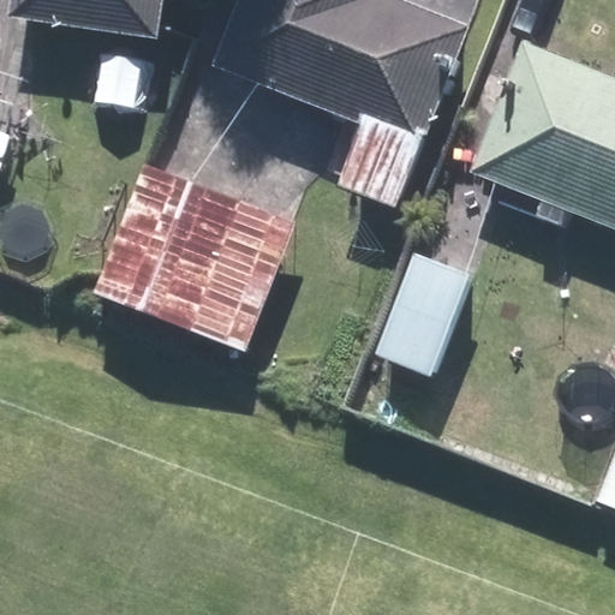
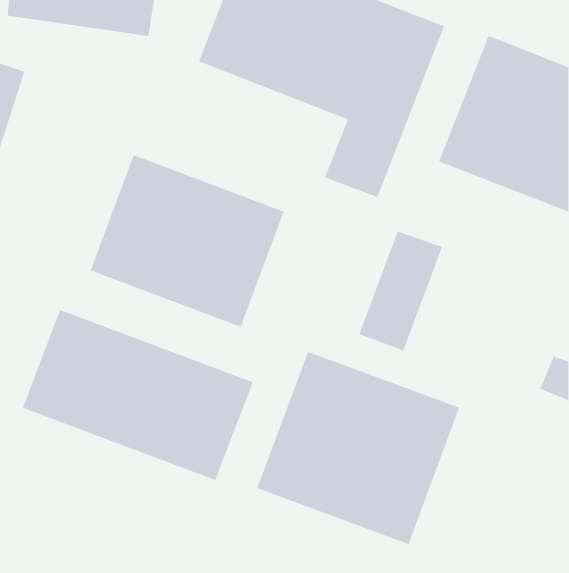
building: none -> [22,309,253,481]
building: none -> [257,351,460,545]

